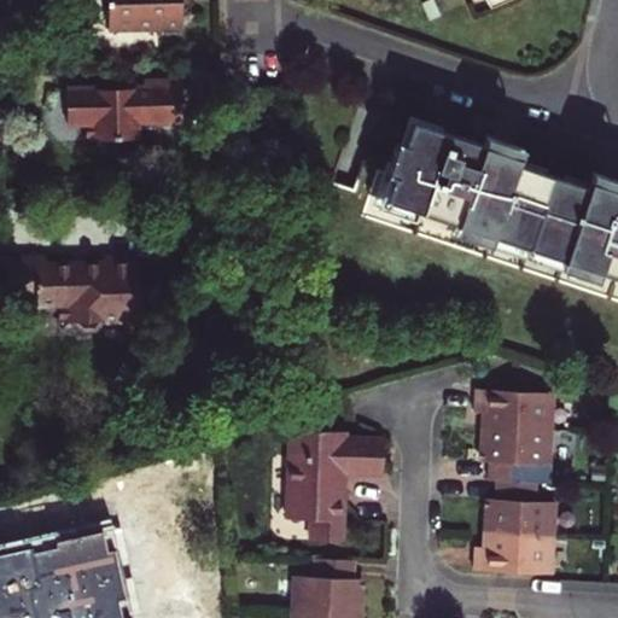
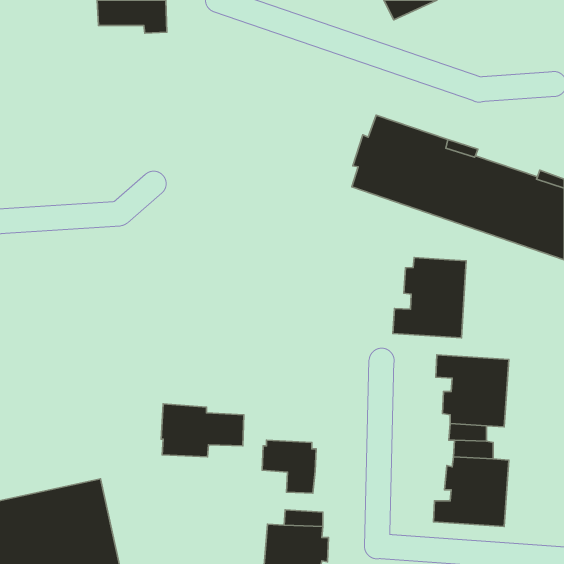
building: [65,81,181,140] -> none
building: [6,260,139,331] -> none
building: none -> [393,258,466,338]
building: [290,426,380,484] -> [161,404,244,457]

